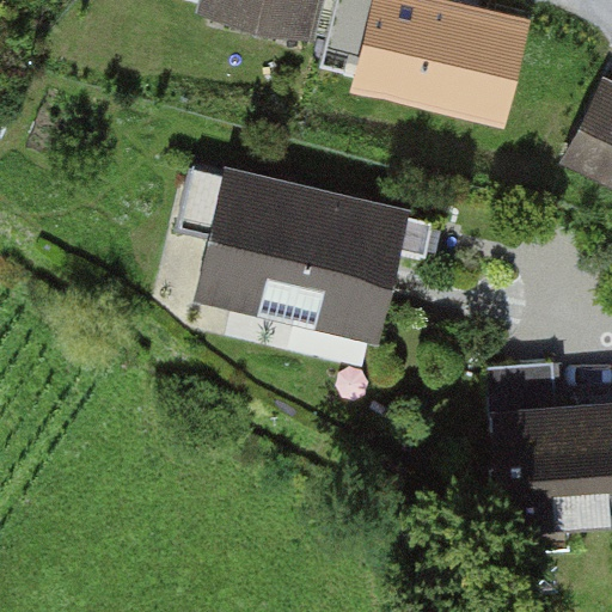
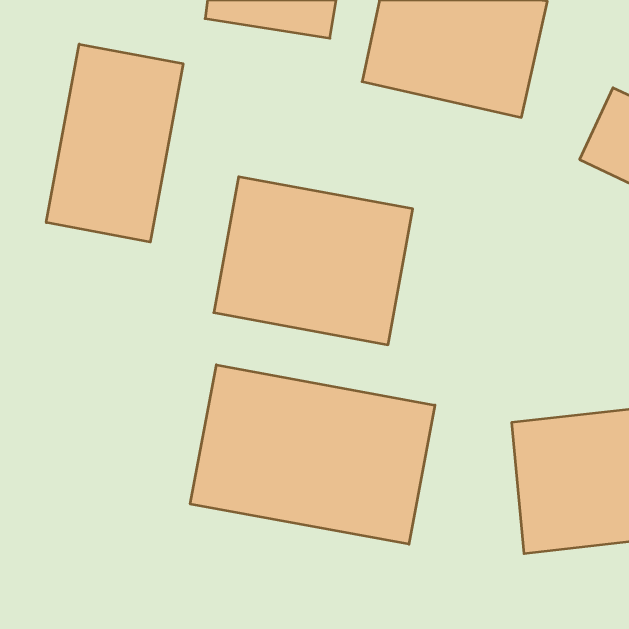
building: none -> [46,44,183,242]
building: none -> [190,365,435,544]

